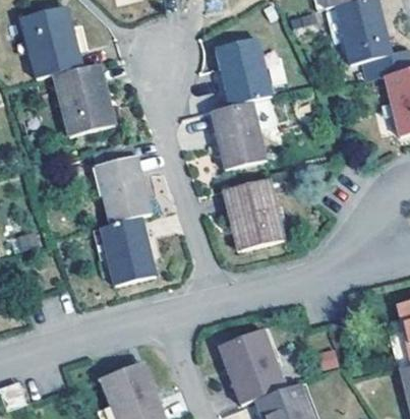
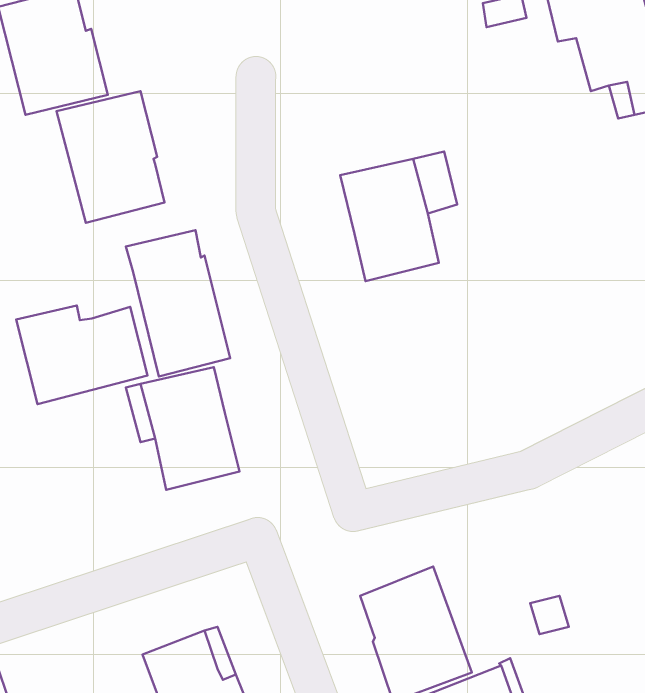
building: [216,37,270,104] -> none
building: [223,178,283,249] -> none
building: none -> [16,306,148,404]

